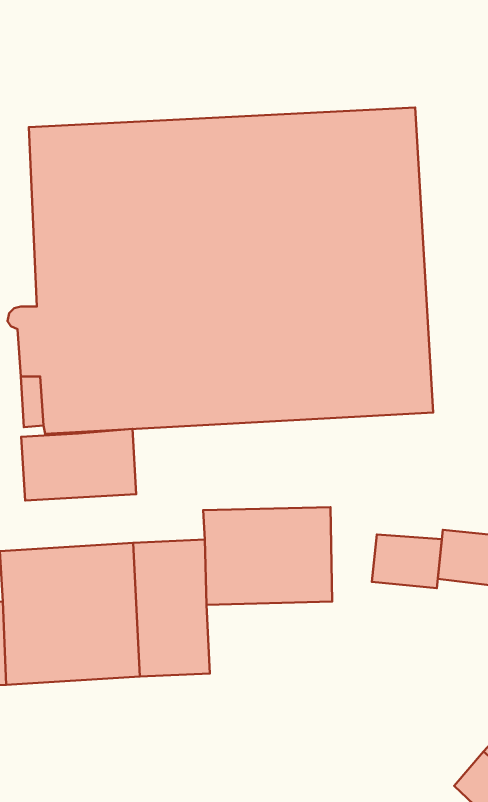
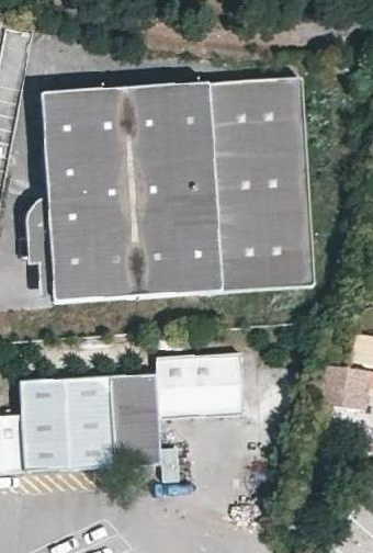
building: [21,429,136,500] -> none
building: [372,534,442,588] -> none

